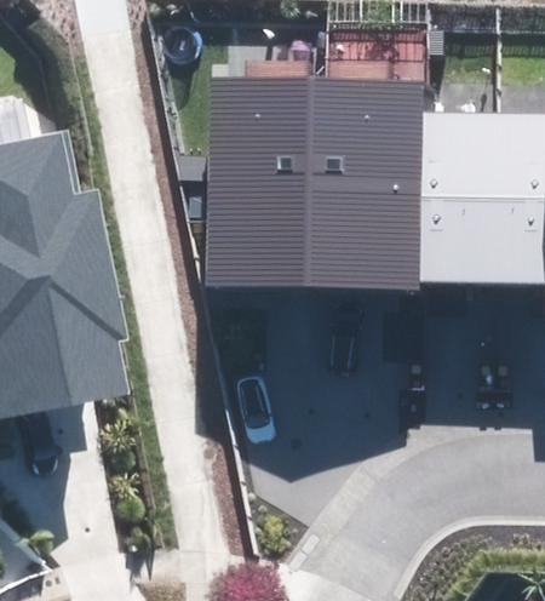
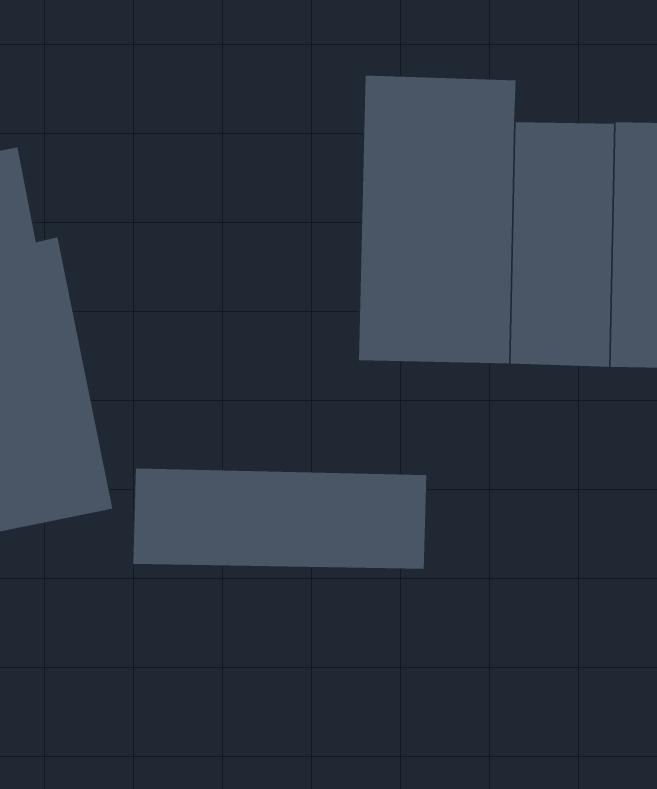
building: [210,74,310,284] -> none
building: none -> [133,468,427,570]

